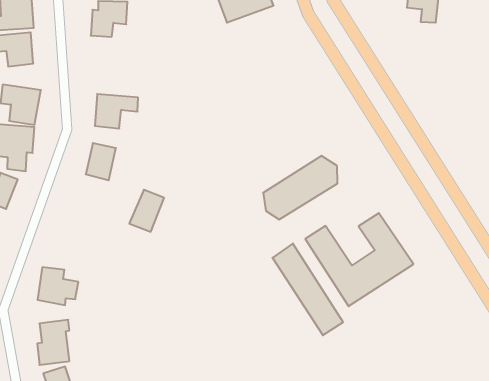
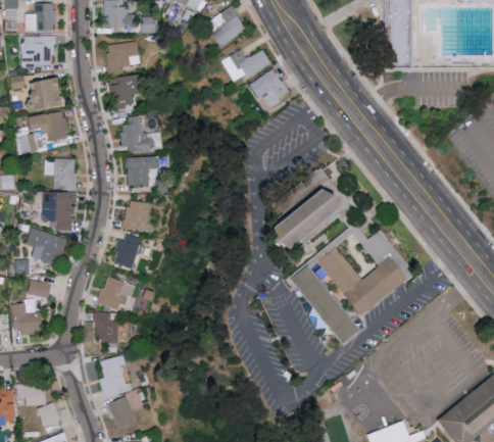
building: none -> [249,67,288,107]
building: none -> [119,115,155,153]
building: [129,190,164,232] -> [112,233,140,268]
building: none -> [96,277,137,310]

